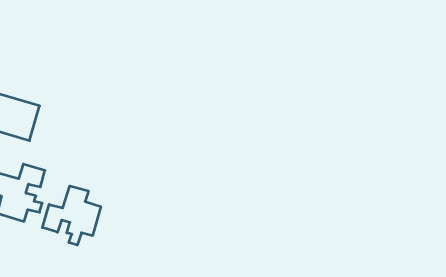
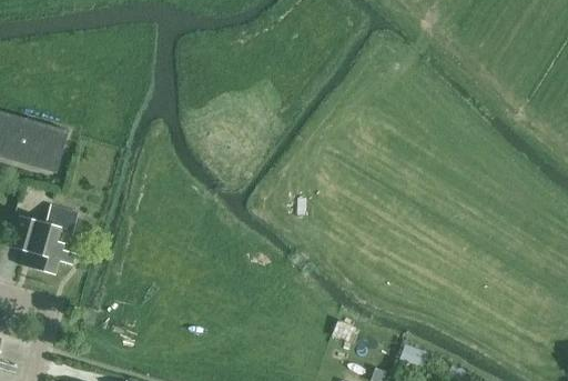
building: [42,186,101,245] -> none

